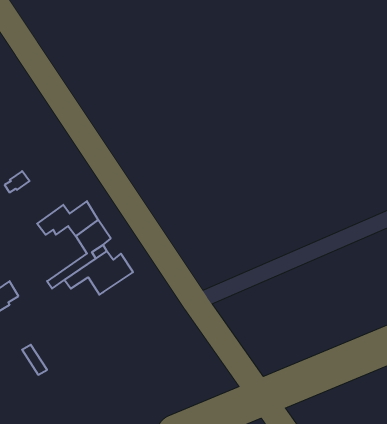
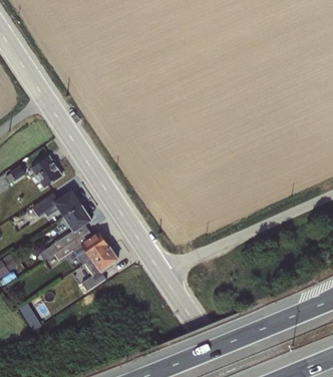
building: none -> [29,155,61,187]
building: none -> [81,246,116,291]

